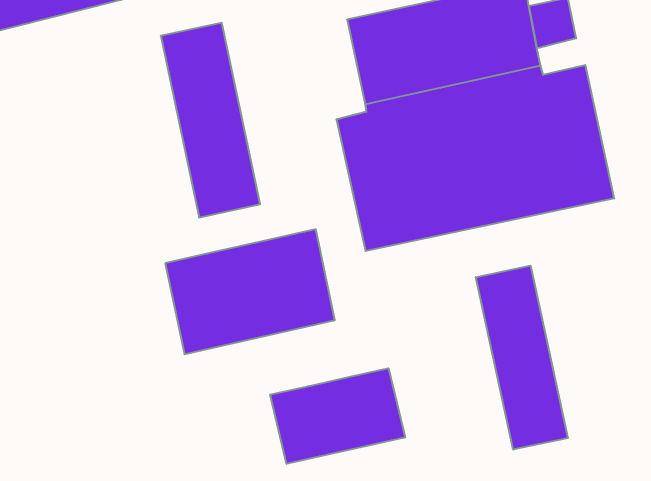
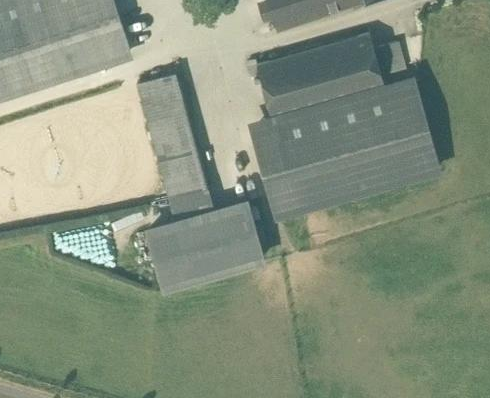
building: none -> [169,188,214,222]
building: [476,266,568,450] -> none
building: [270,368,405,464] -> none

